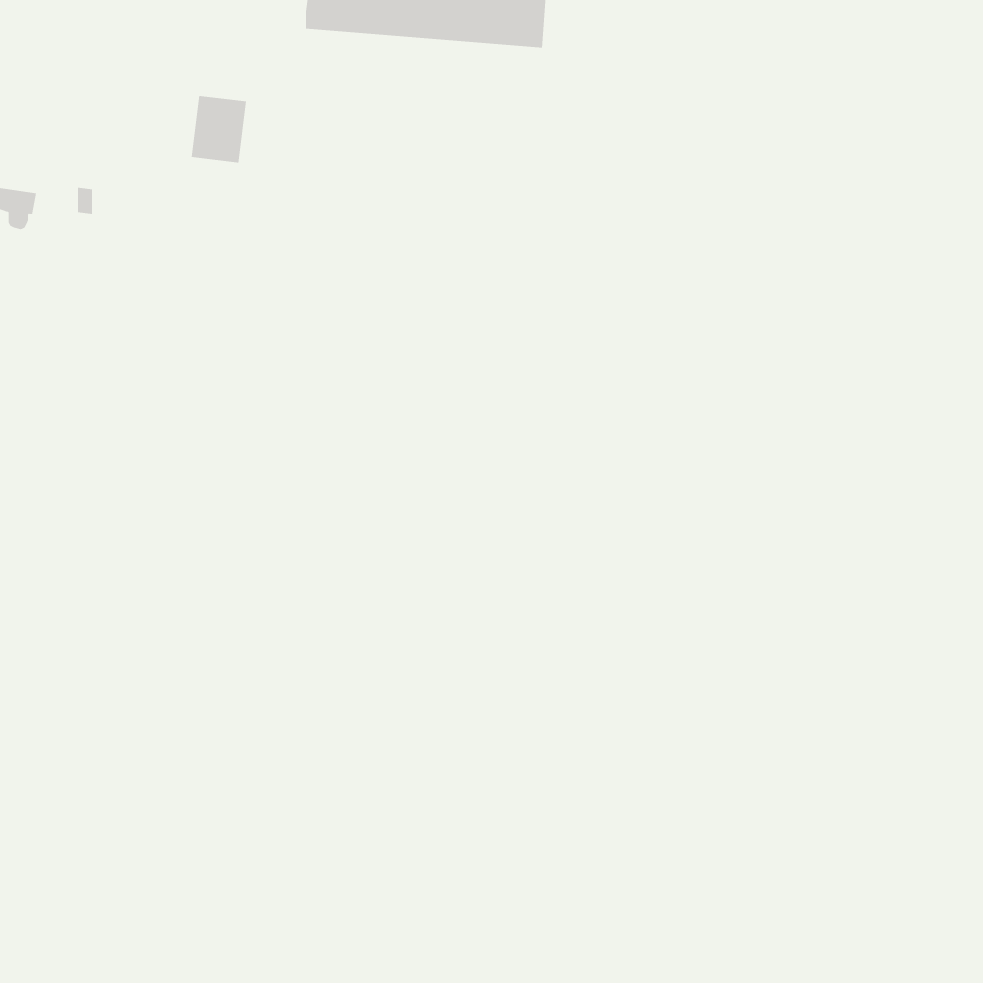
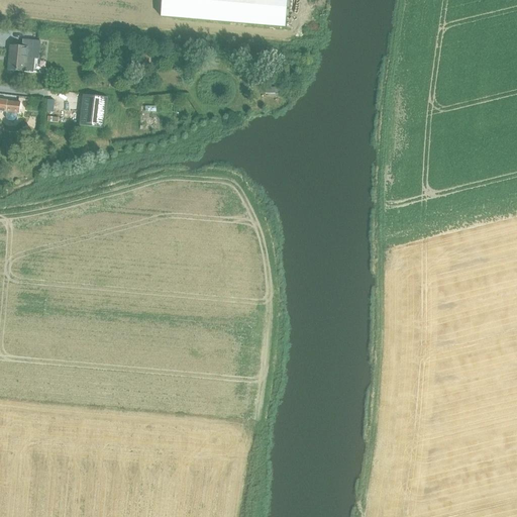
building: none -> [6,37,38,71]
building: [191,96,247,163] -> [78,93,107,128]

